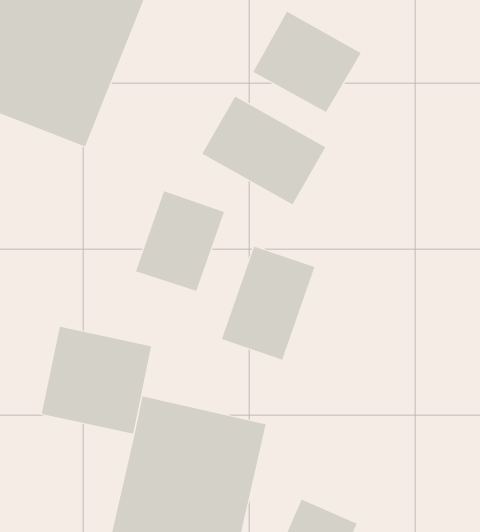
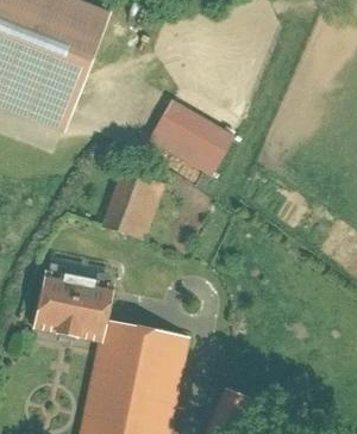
building: [253,11,361,113] -> none
building: [221,246,315,360] -> none

